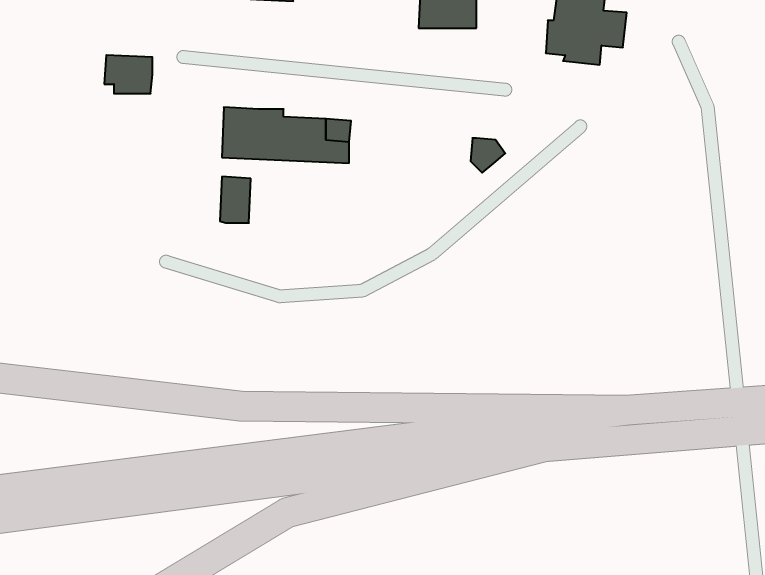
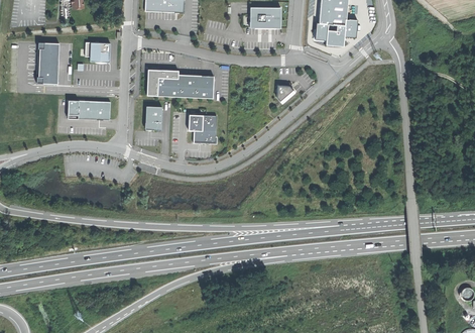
building: none -> [36,41,58,84]
building: none -> [68,100,110,119]
building: none -> [189,114,216,142]

